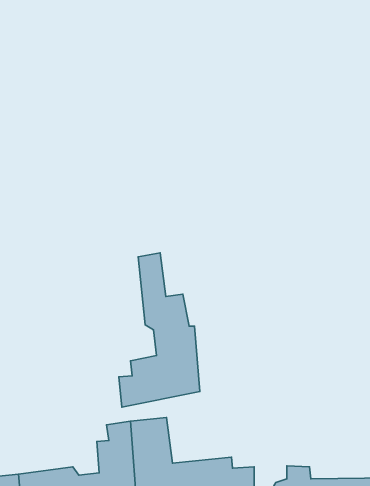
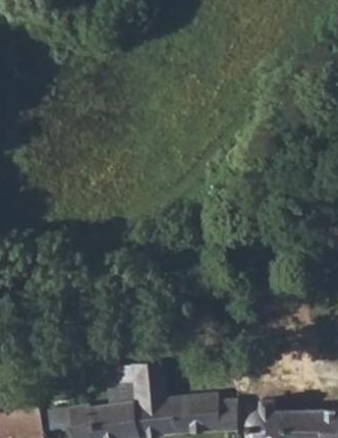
building: [119,253,200,407] -> none

